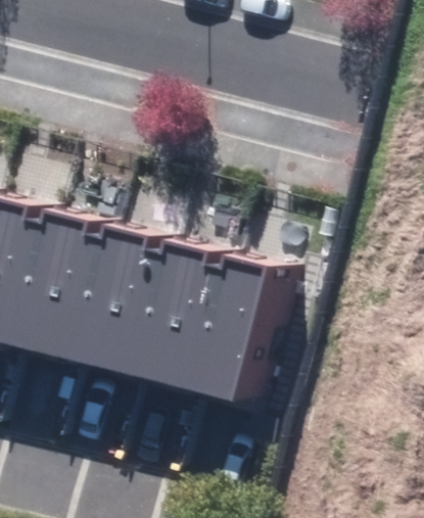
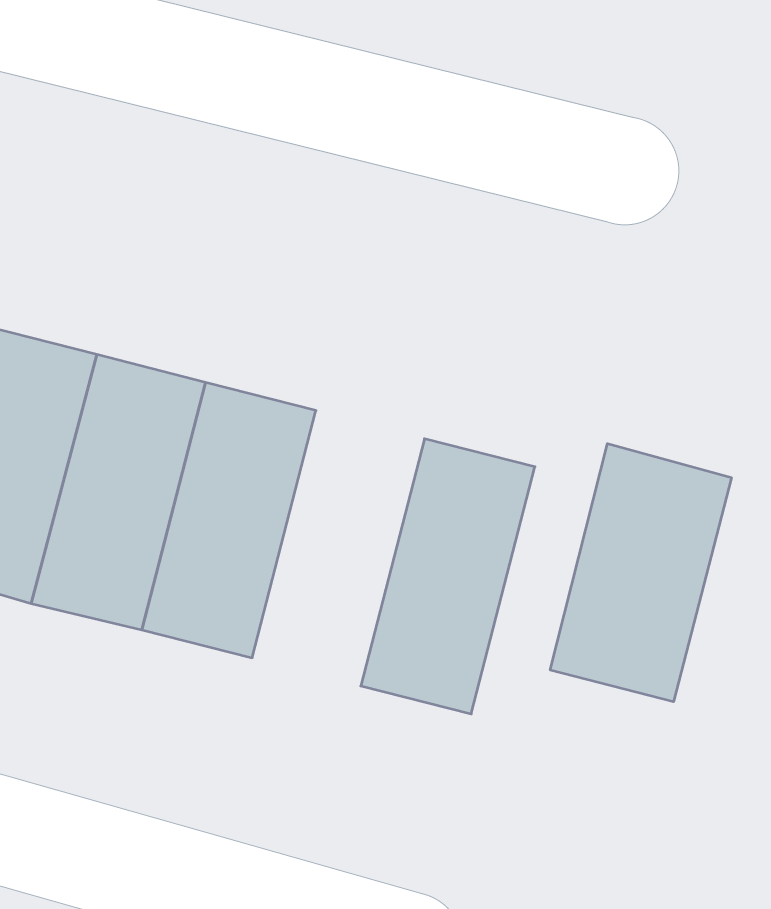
building: [139,241,233,391] -> none
building: none -> [550,444,731,702]

